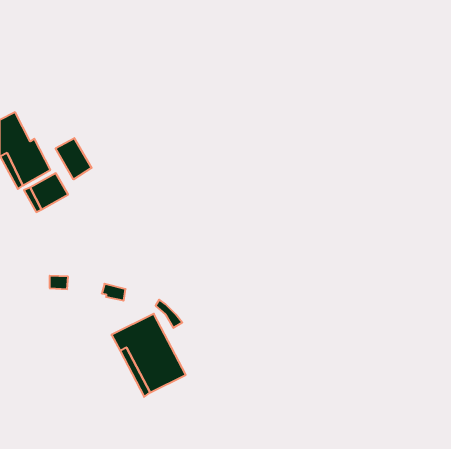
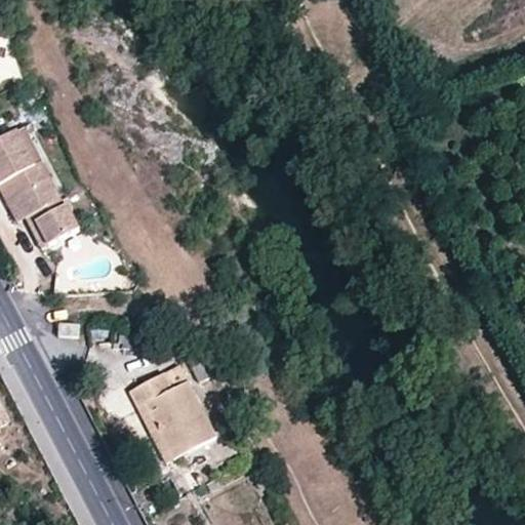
building: [56,138,92,179] -> none

